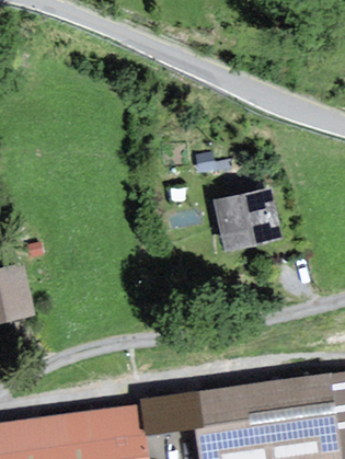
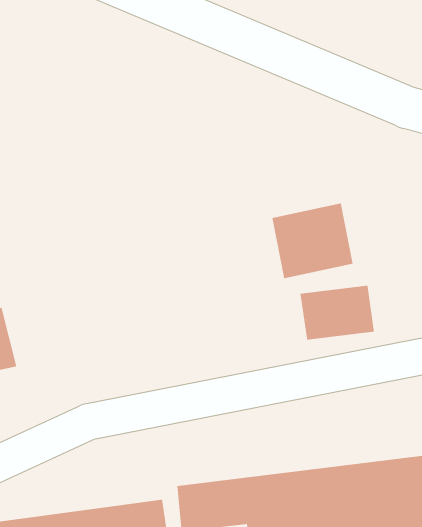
building: none -> [300,285,375,341]

